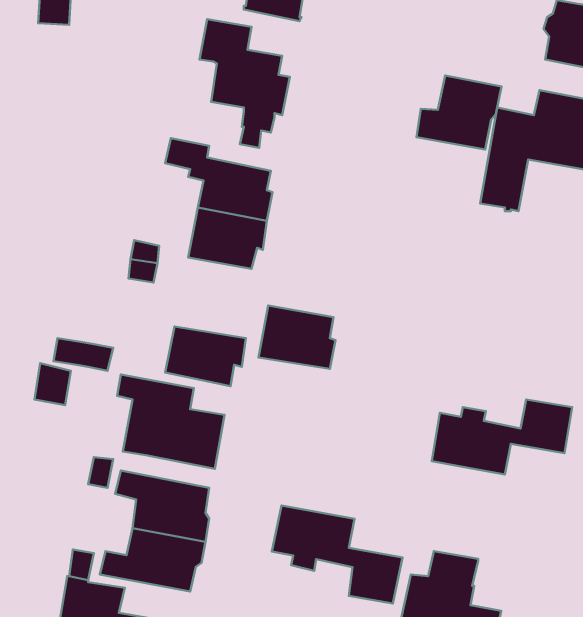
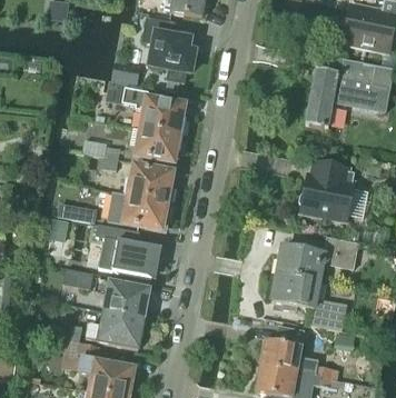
building: [417,76,501,149] -> none
building: none -> [298,161,354,218]
building: [259,305,335,369] -> [128,165,172,201]
building: [272,506,403,604] -> [271,272,347,329]

